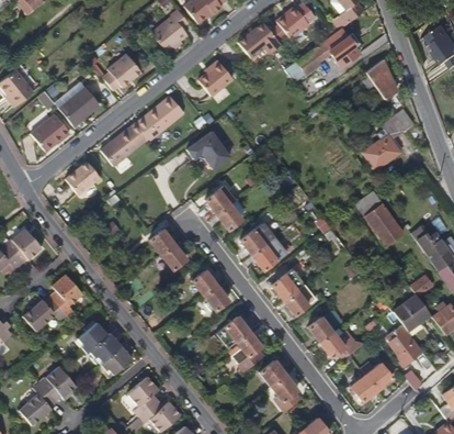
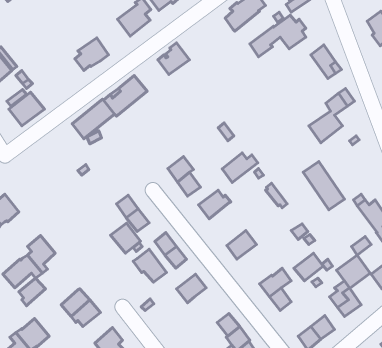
building: [237,22,280,58] -> none
building: [59,87,101,125] -> none
building: [189,131,231,175] -> none
building: [66,160,101,193] -> none
building: [253,237,293,270] -> [222,153,258,183]
building: none -> [111,223,141,253]
building: [284,283,317,314] -> [294,253,323,281]
building: none -> [133,249,167,282]
building: [78,322,107,353] -> [19,278,45,306]
building: [232,332,264,371] -> none

